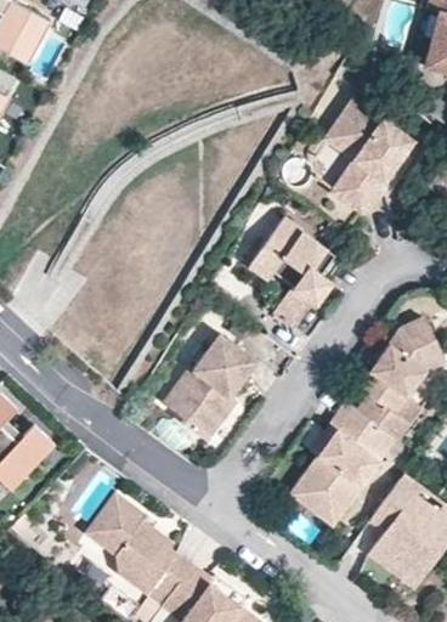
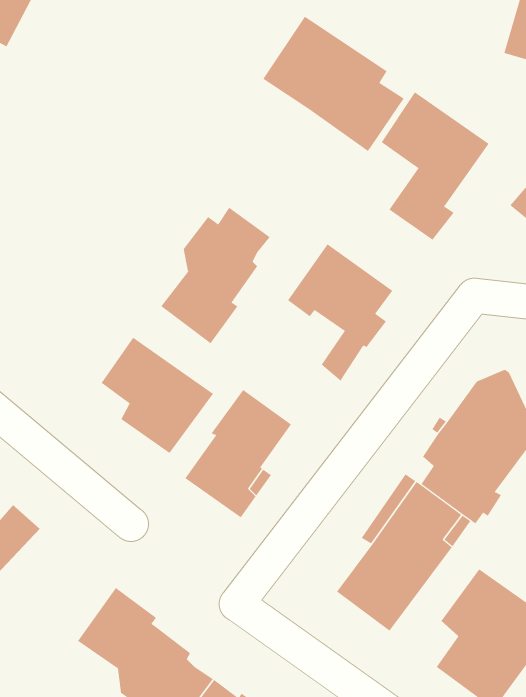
building: none -> [262,16,404,152]
building: none -> [160,207,271,344]
building: none -> [101,337,214,454]

